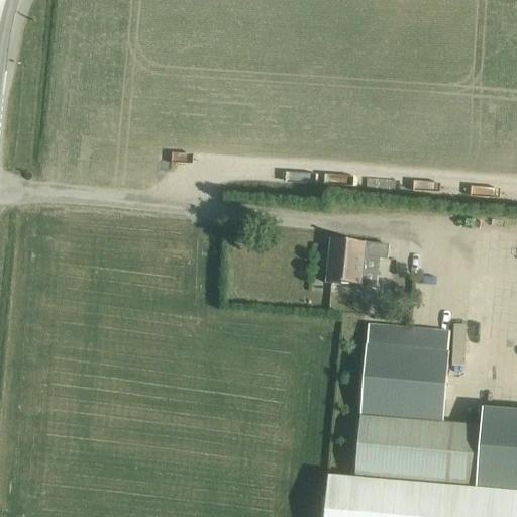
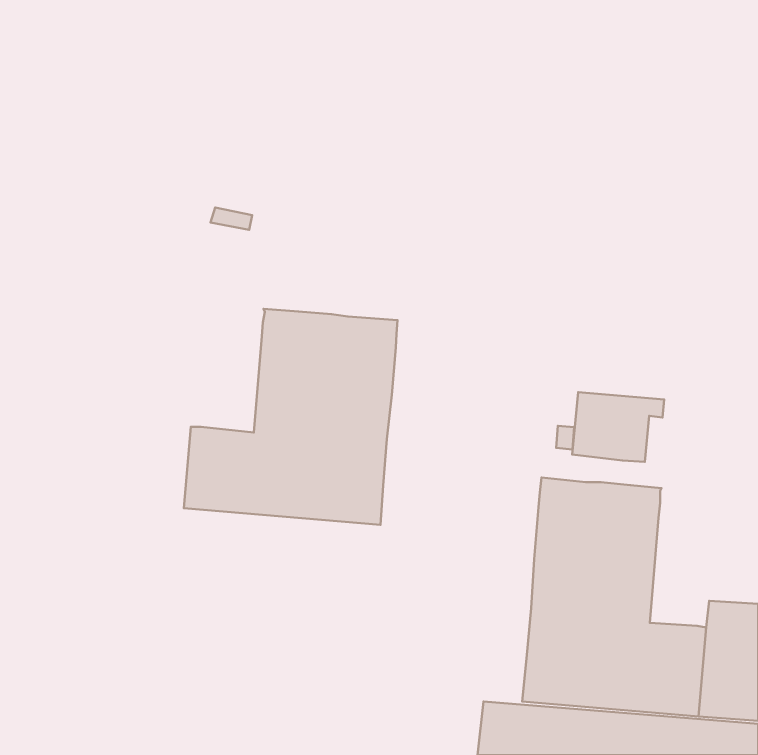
building: none -> [184,309,398,525]
building: [326,240,389,288] -> [572,392,664,462]

